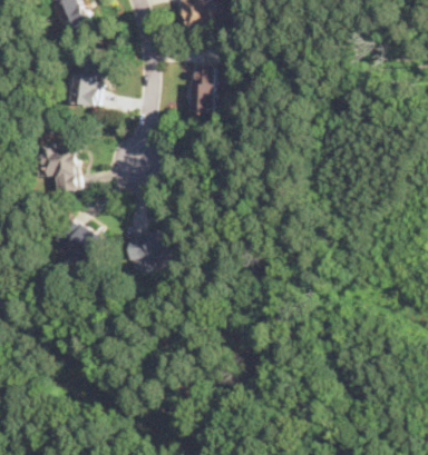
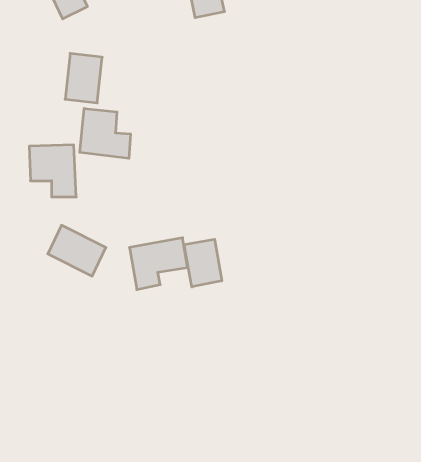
building: [188,66,212,115] -> none
building: none -> [80,108,131,158]
building: none -> [184,239,222,287]

